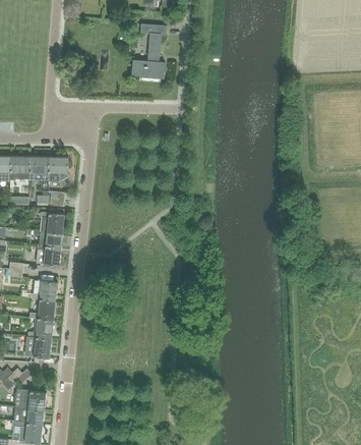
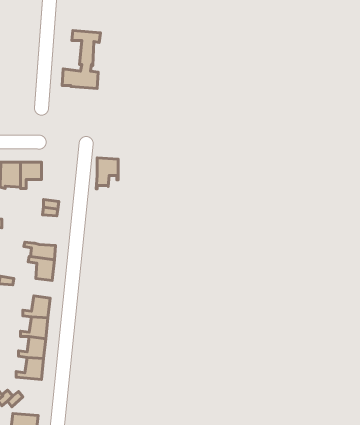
building: [131,24,167,78] -> [62,31,100,89]
building: [48,157,68,185] -> [96,158,118,189]
building: [40,213,64,234] -> none

